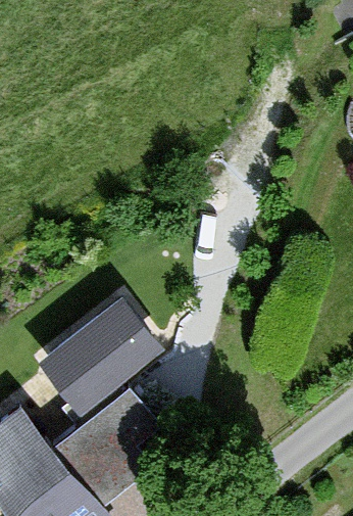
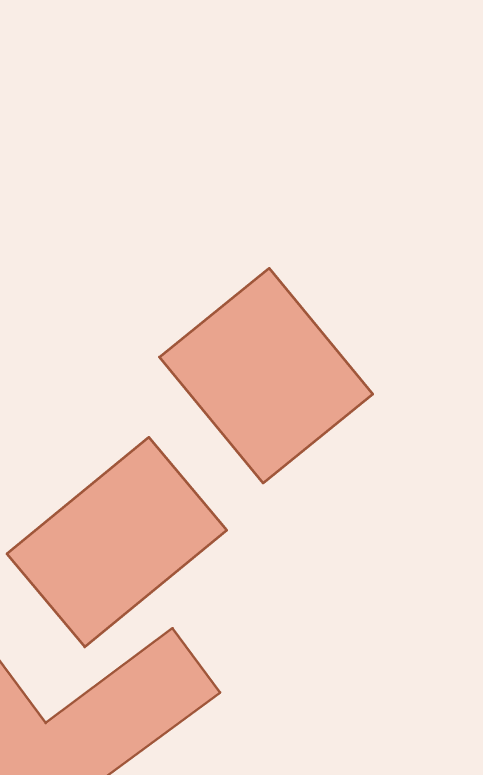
building: none -> [159,268,373,483]

